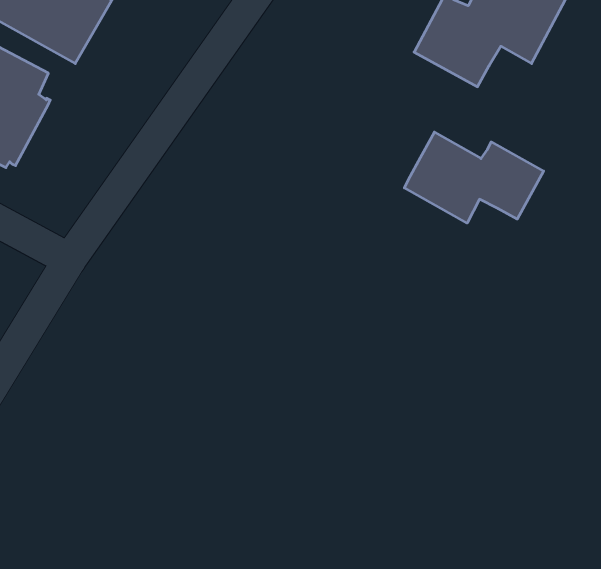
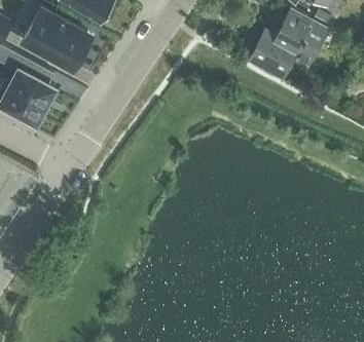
building: [404,132,544,223] -> none

